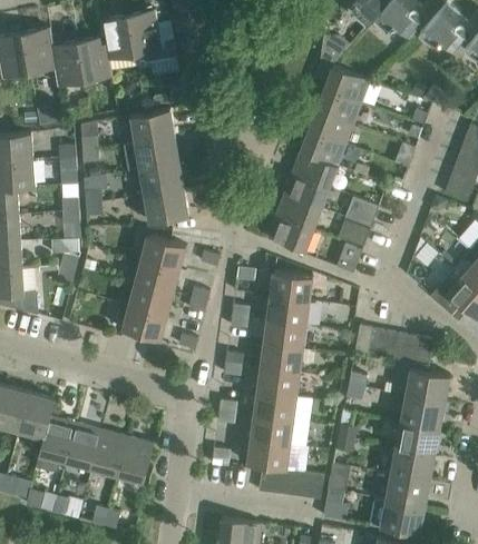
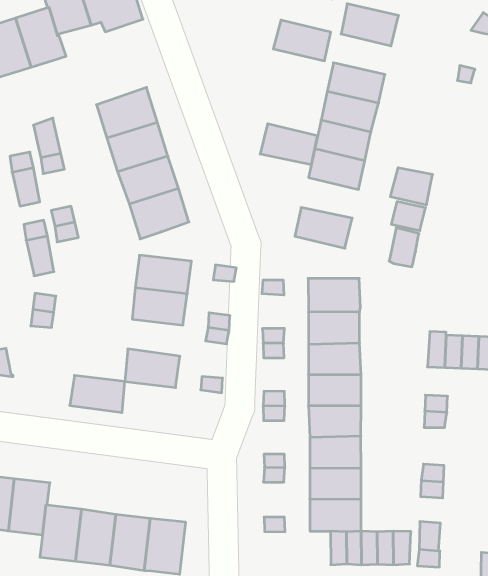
building: [315,89,361,125] -> [273,20,331,61]
building: [275,195,321,230] -> [260,124,318,164]
building: [128,284,173,317] -> [70,375,125,413]

